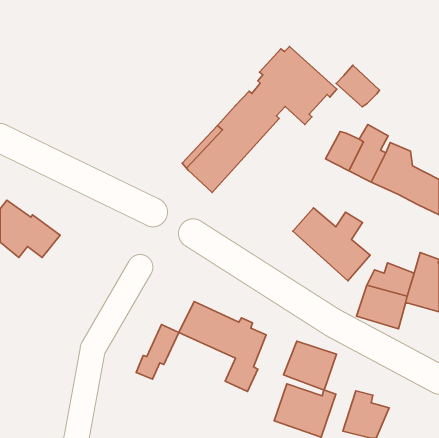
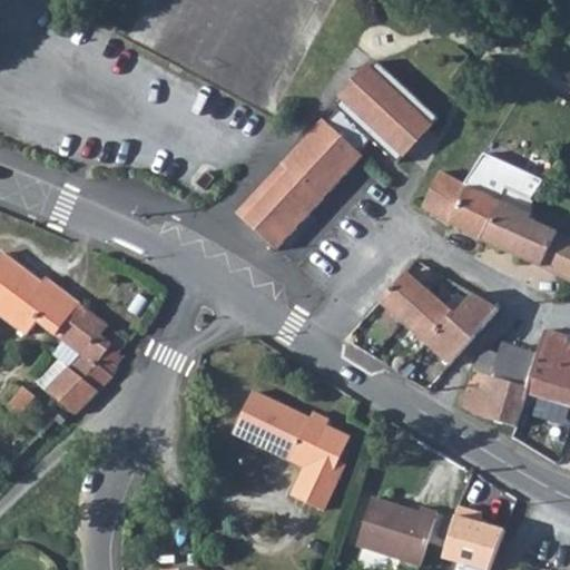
building: [336,65,380,107] -> none
building: none -> [455,288,500,331]
building: none -> [45,305,127,412]
building: [136,325,179,379] -> none
building: [284,341,337,390] -> none

